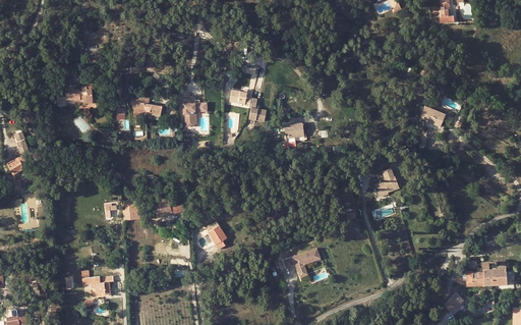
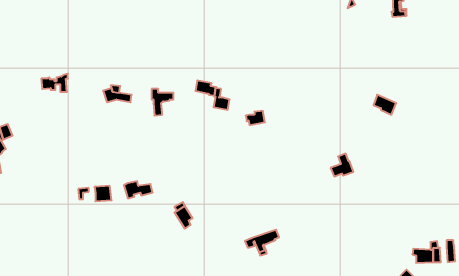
building: [80,271,113,295] -> none

